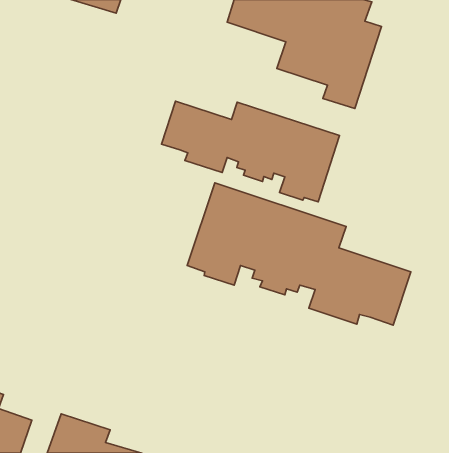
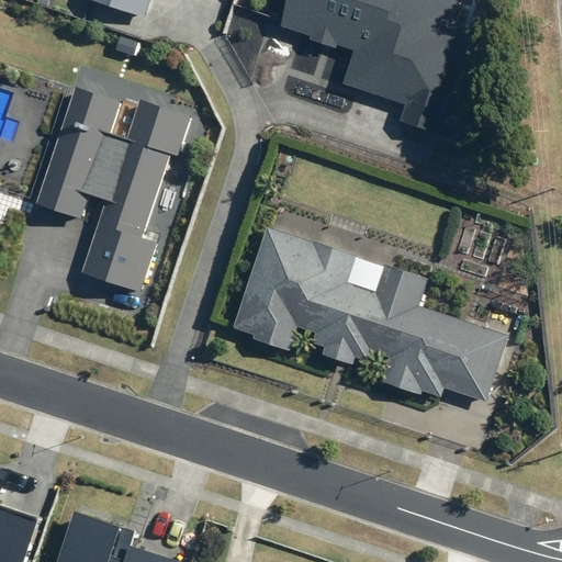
building: none -> [36,87,190,293]
building: [162,101,339,202] -> none

